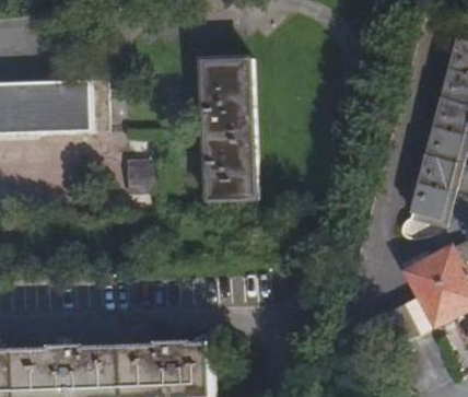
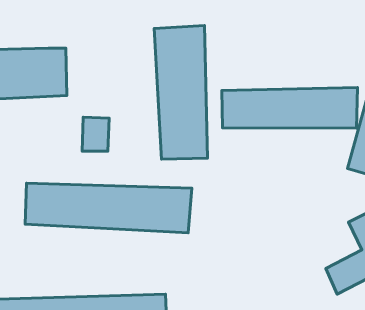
building: none -> [222,87,358,128]
building: none -> [25,183,192,233]

